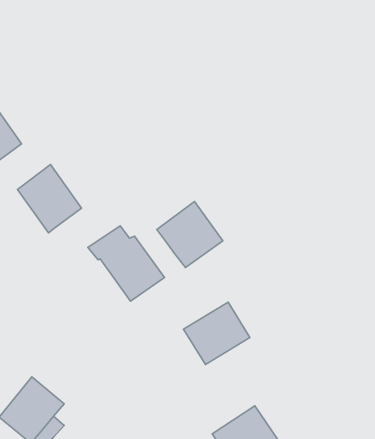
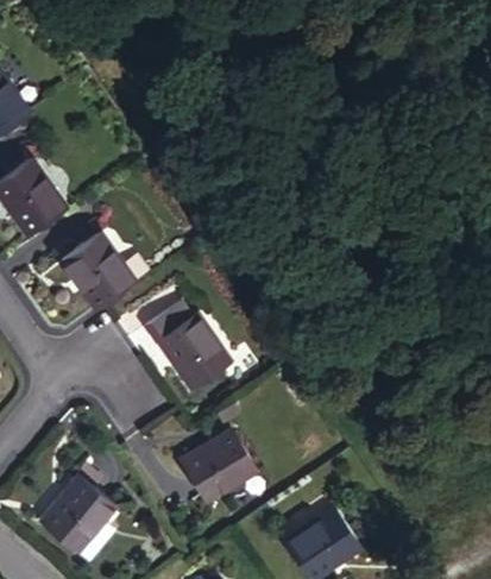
building: [157,202,223,267] -> none
building: [184,302,250,364] -> [180,429,256,501]

